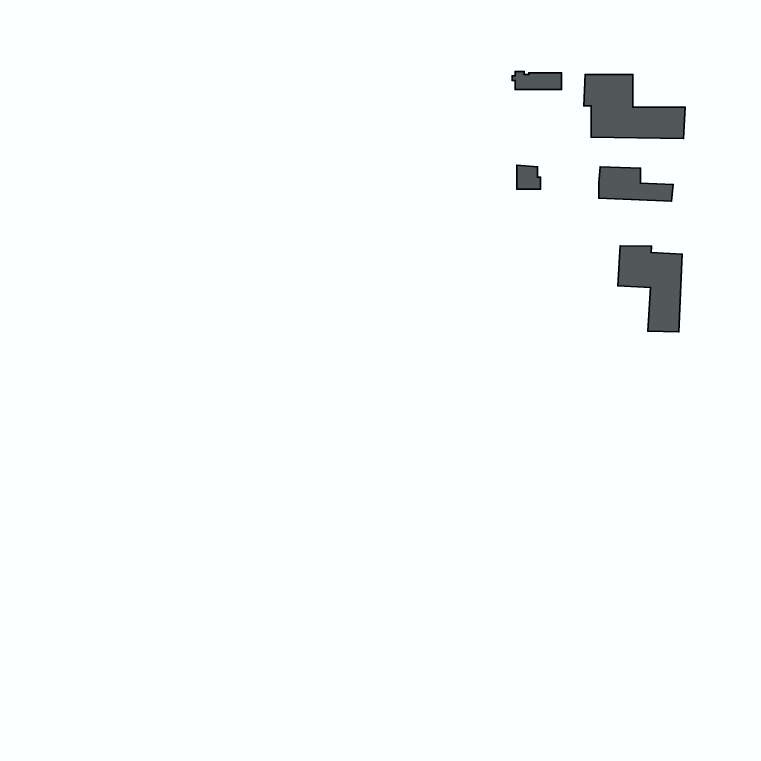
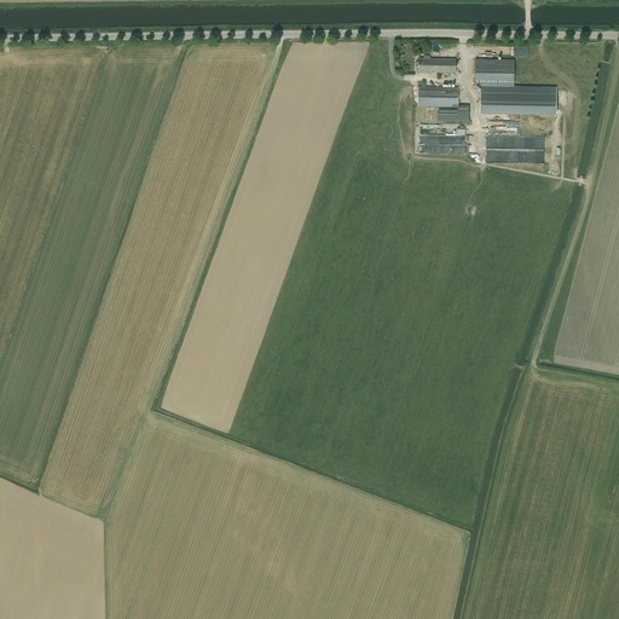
building: none -> [417,87,458,108]
building: [618,246,682,332] -> none

